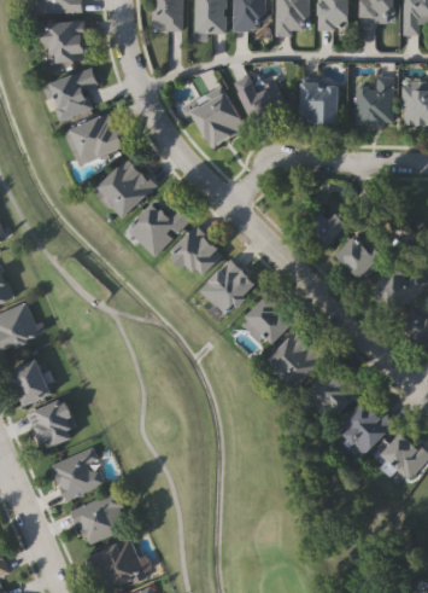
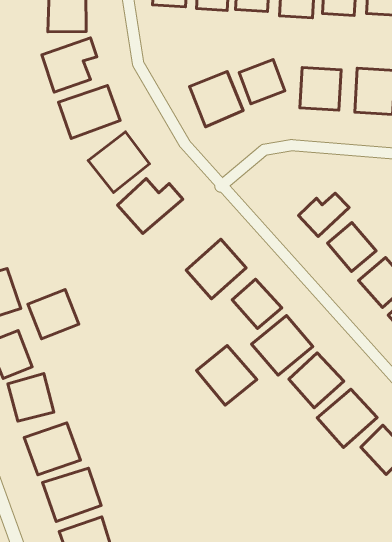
building: [172,226,224,279] -> none
building: none -> [28,289,79,339]
building: none -> [197,346,257,405]

